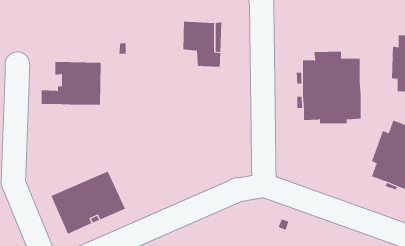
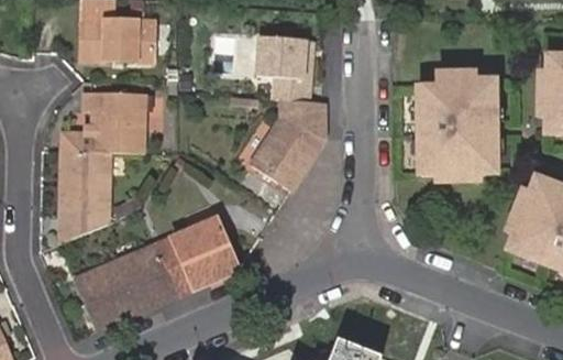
building: none -> [79,18,152,58]
building: none -> [246,100,321,193]
building: none -> [58,152,111,243]
building: none -> [152,214,240,294]

